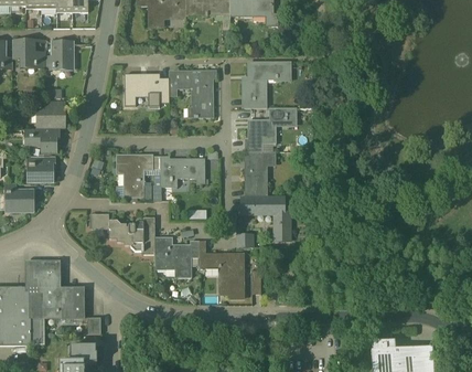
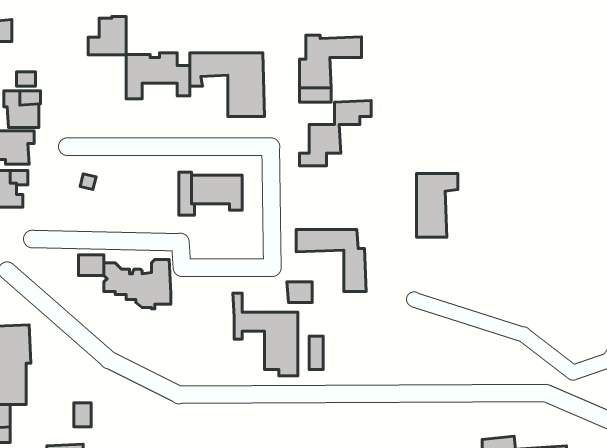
building: [45,42,72,68] -> [88,17,126,55]
building: [245,152,273,196] -> [417,174,458,237]
building: [116,153,153,198] -> none
building: [155,241,200,278] -> none
building: [55,289,83,318] -> none

